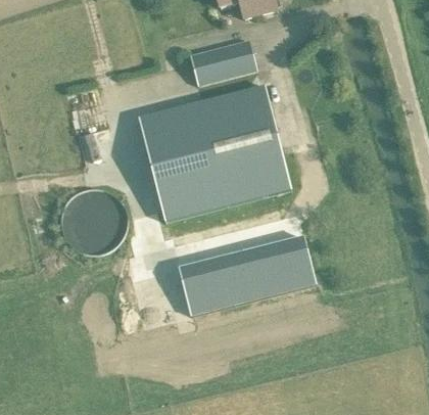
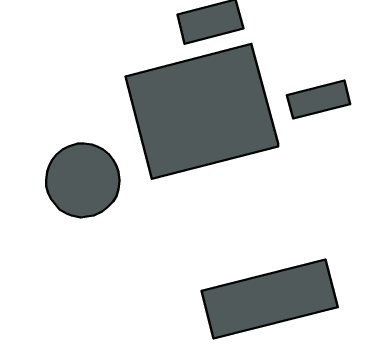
building: none -> [287,80,350,119]
building: [180,236,317,316] -> [201,259,338,339]

